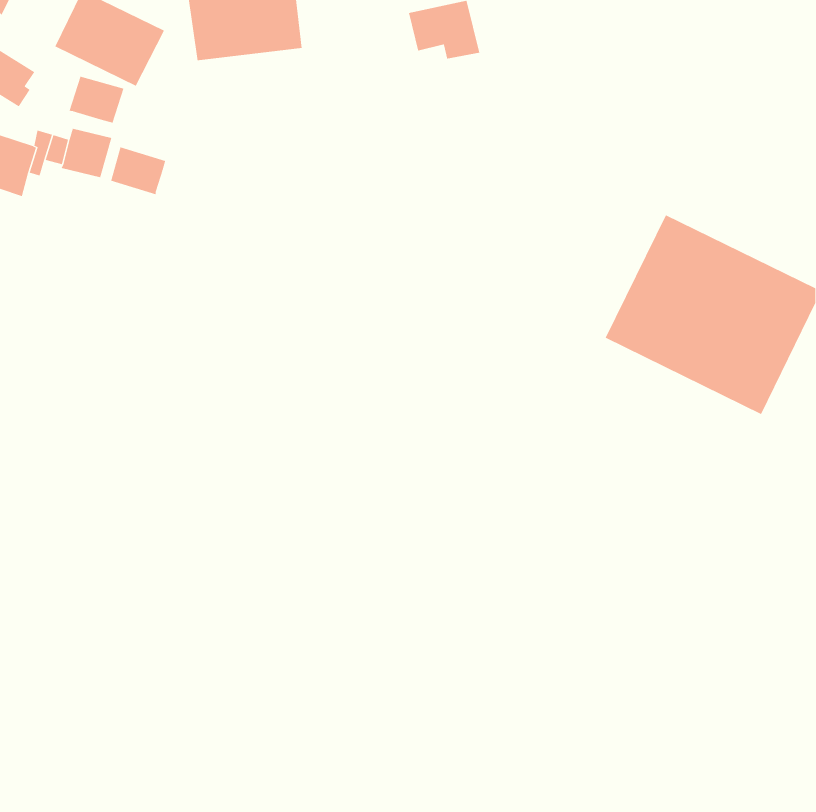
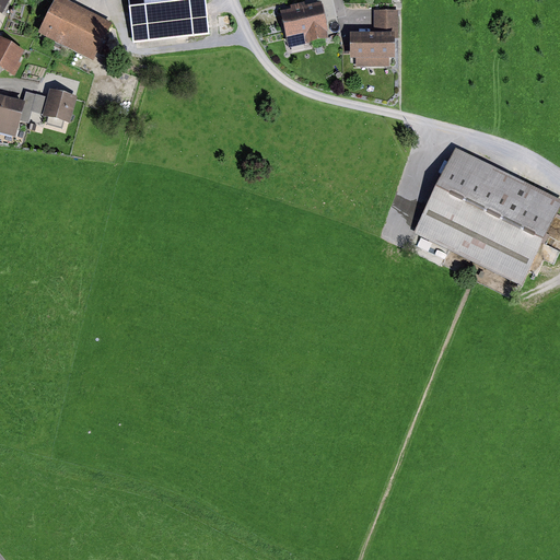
building: none -> [349,8,398,63]
building: [69,76,124,123] -> none
building: [111,147,166,195] -> none

